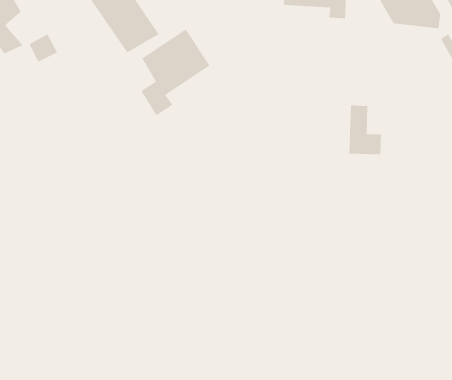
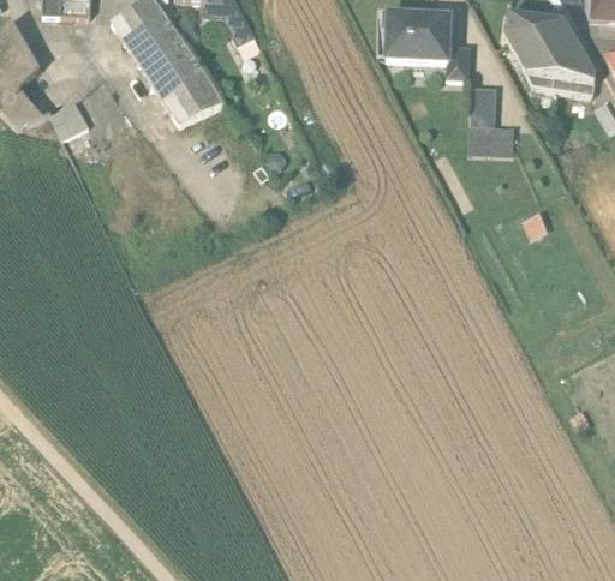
building: [140,29,210,116] -> none
building: [348,105,382,155] -> [468,85,513,151]

